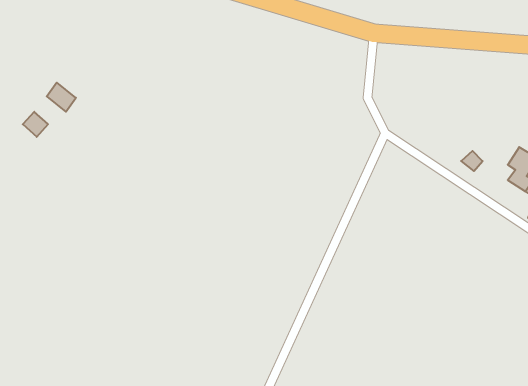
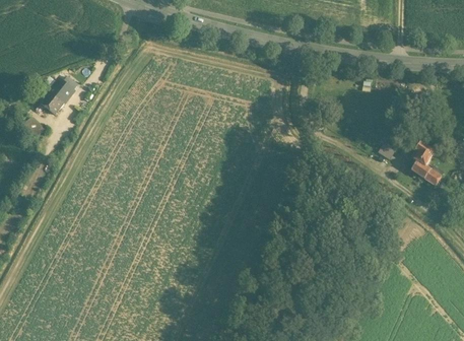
building: none -> [50,77,79,105]

